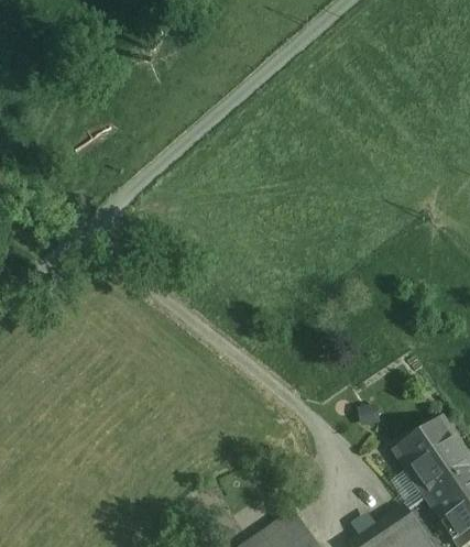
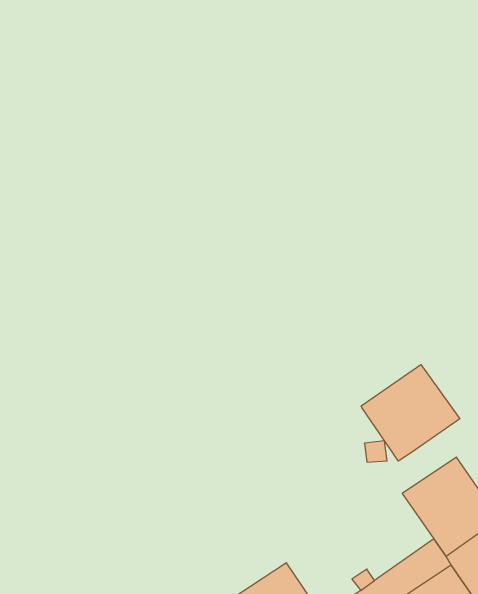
building: none -> [361,365,460,461]

